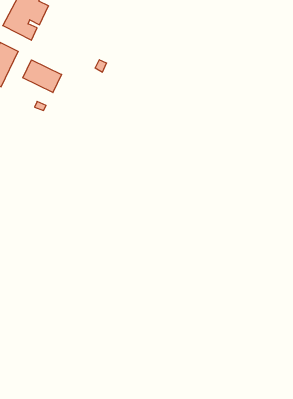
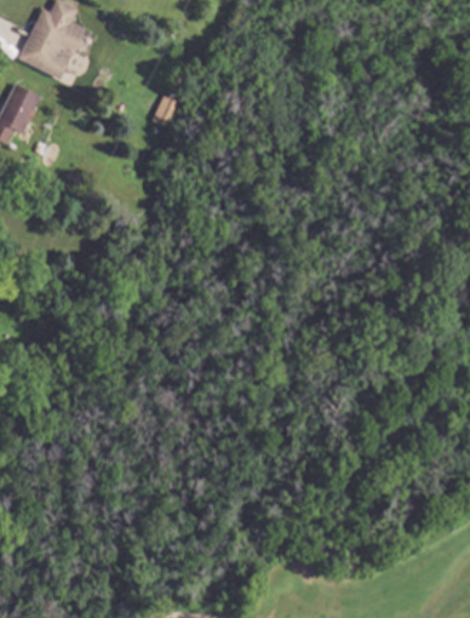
building: [23,60,62,93] -> none

